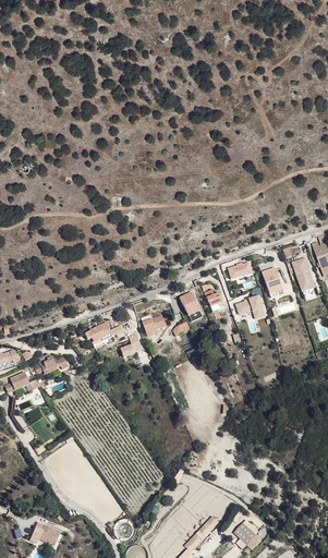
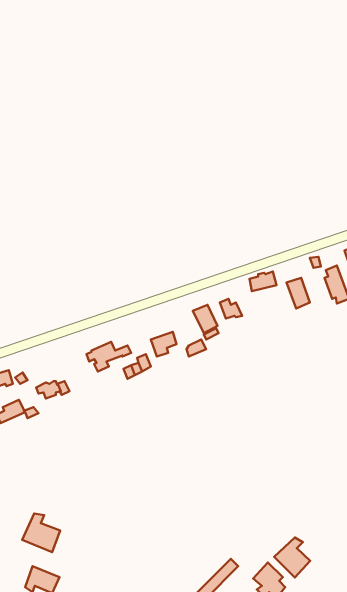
building: [234,289,266,318] -> none
building: none -> [22,514,60,552]
building: none -> [274,538,310,577]

